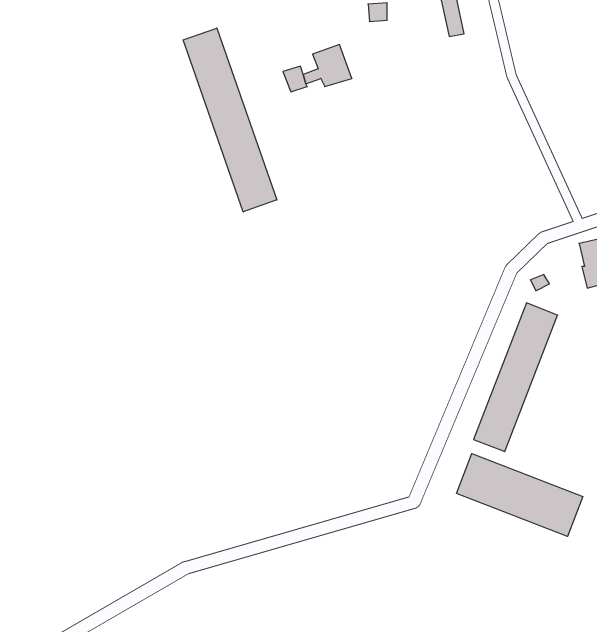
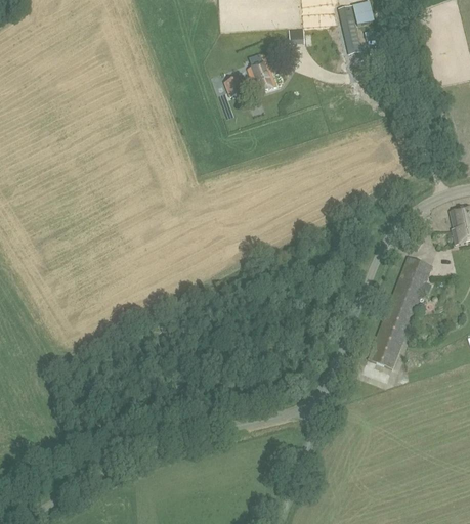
building: [183,28,277,212] -> none
building: [457,454,583,536] -> none

